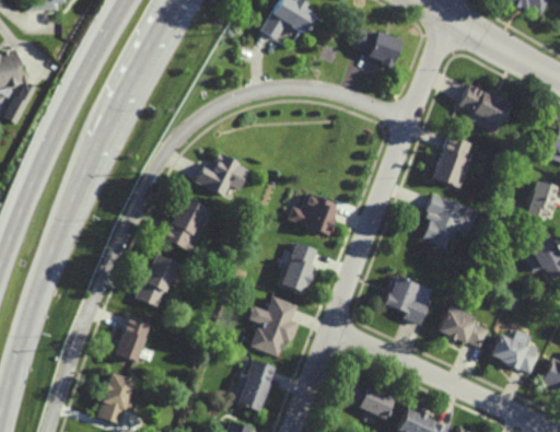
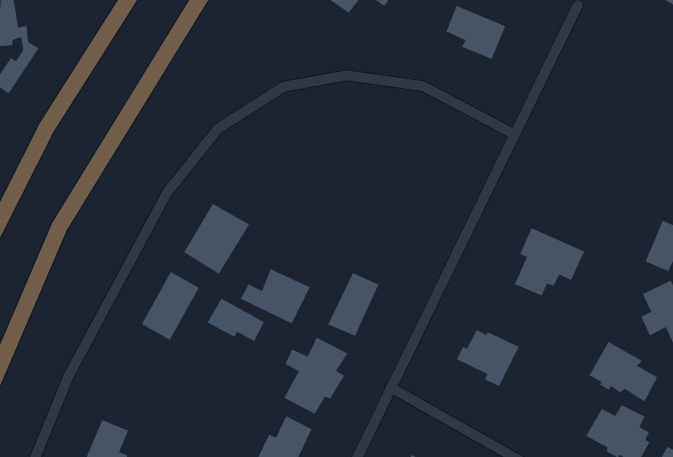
building: [458,83,511,133] -> none
building: [432,135,471,189] -> none
building: [195,152,252,196] -> none
building: [285,191,340,234] -> [240,268,311,325]
building: none -> [207,298,265,342]
building: [438,303,492,349] -> [588,341,658,403]
building: [114,315,150,362] -> none

